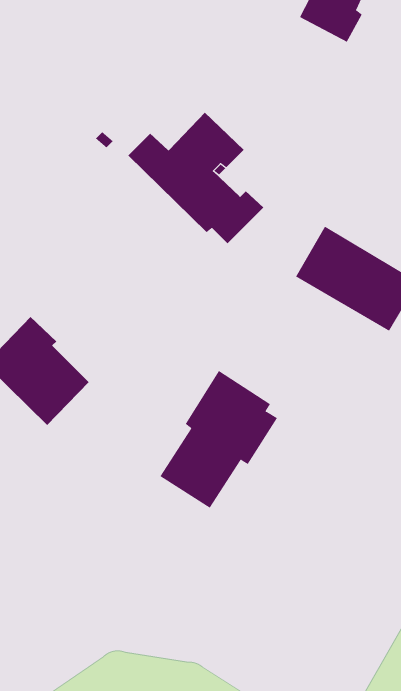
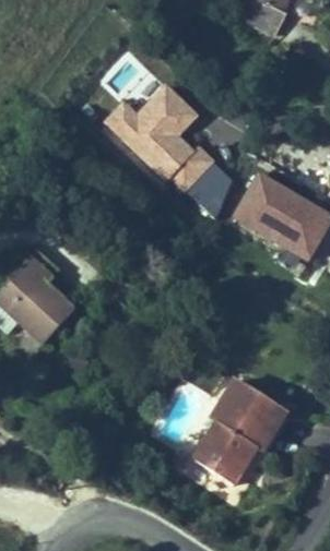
building: none -> [182,163,232,221]
building: [159,370,278,508] -> [196,380,287,487]

